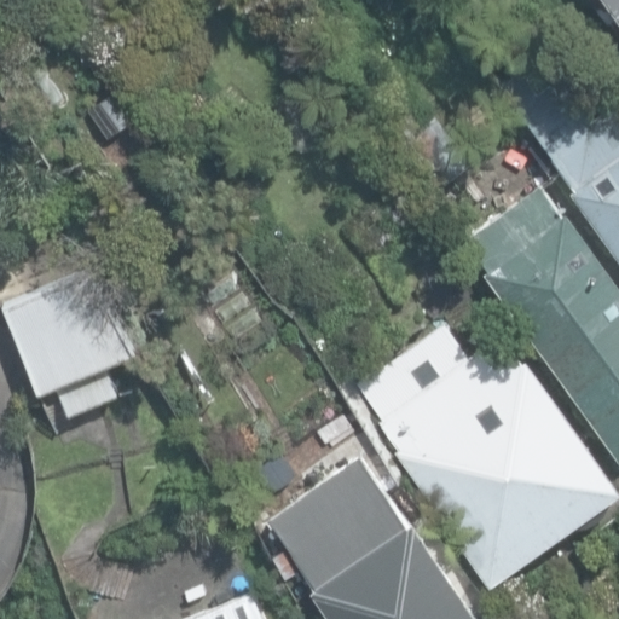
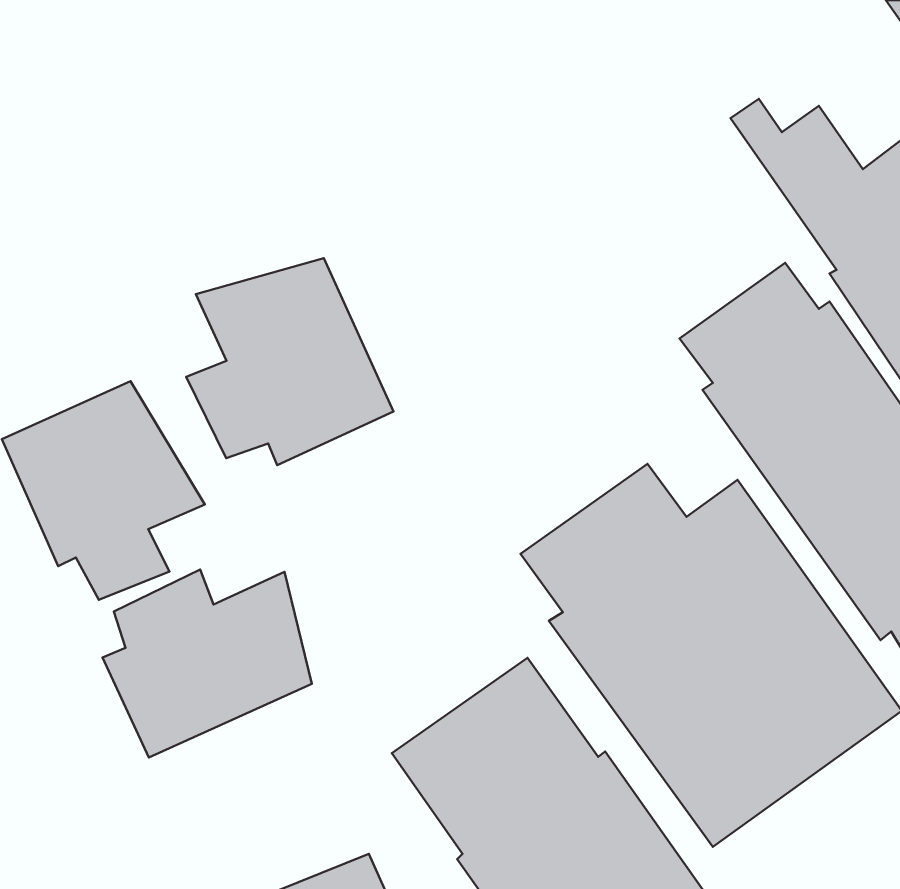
building: none -> [186,258,393,465]
building: none -> [103,569,312,757]

